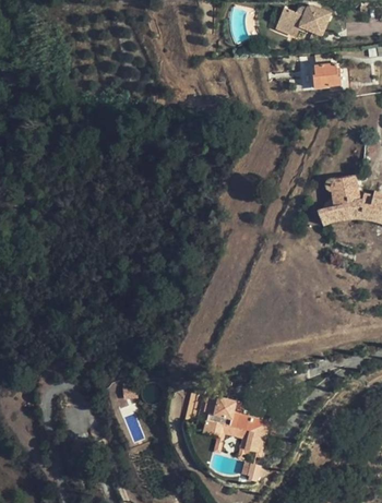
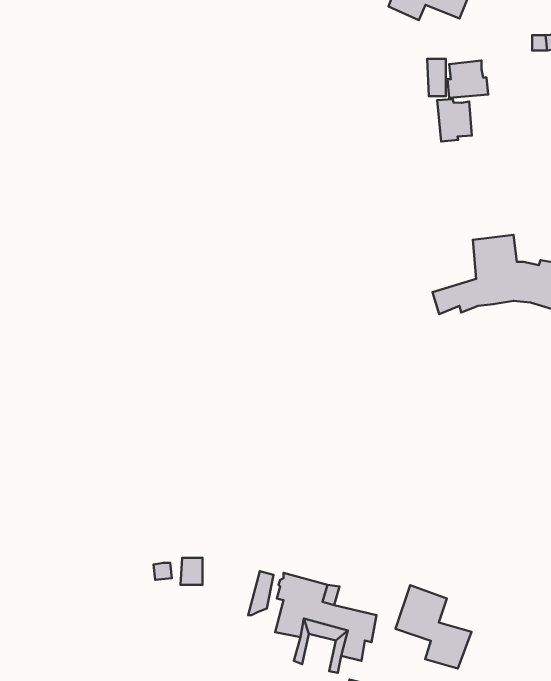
building: none -> [437,99,472,141]
building: none -> [396,585,472,669]

